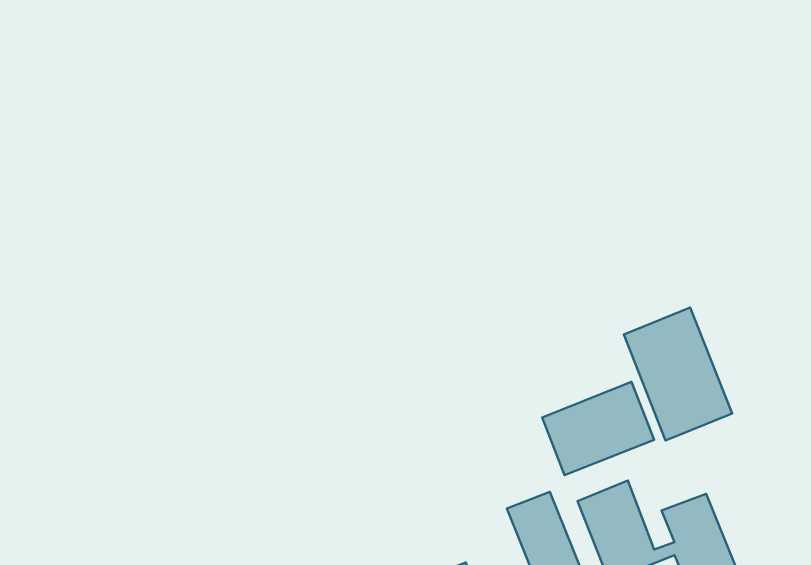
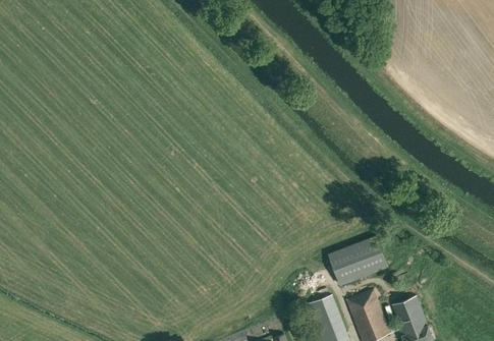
building: [624,308,732,440] -> none

